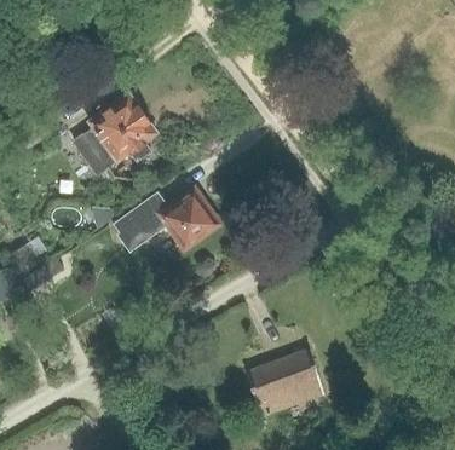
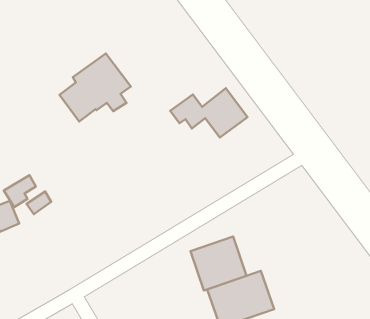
building: [126,190,217,248] -> [170,88,248,138]
building: none -> [190,236,247,291]

